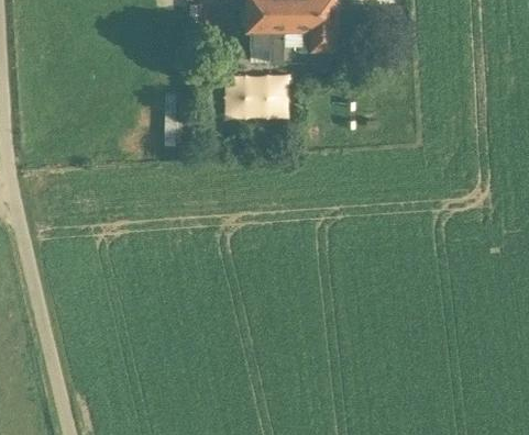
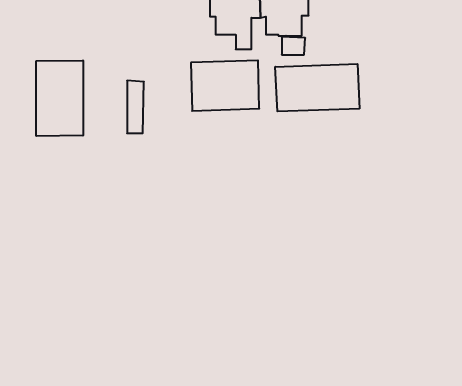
building: none -> [36,60,83,136]
building: none -> [275,64,359,111]

